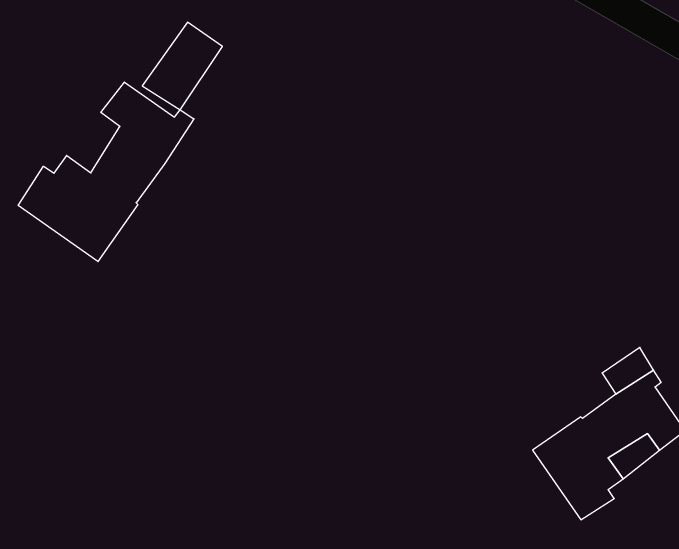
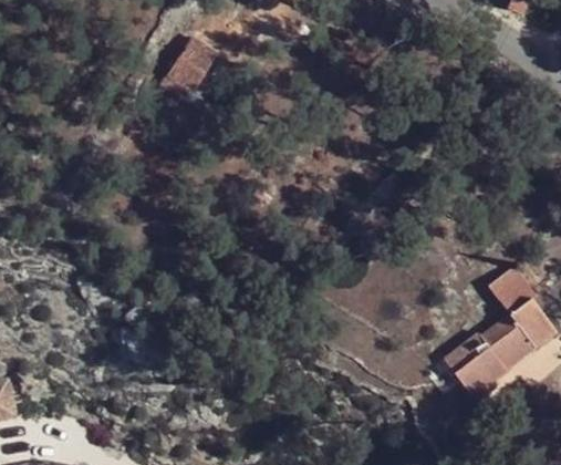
building: [18,82,194,262] -> none

